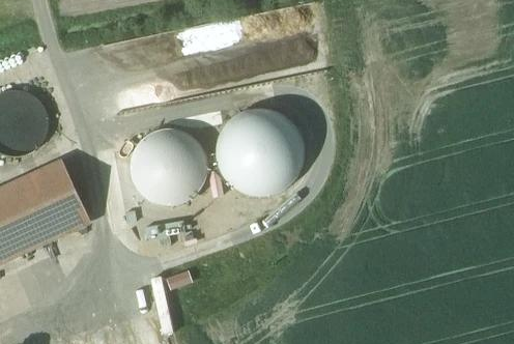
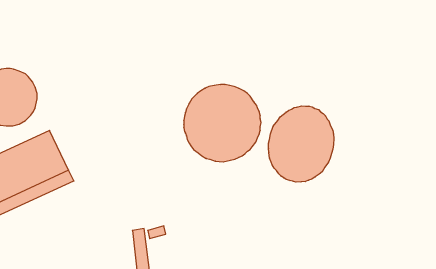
building: [130,128,207,206] -> none
building: none -> [269,106,334,182]

